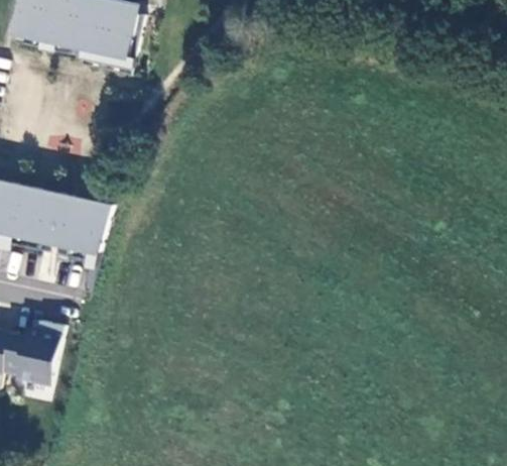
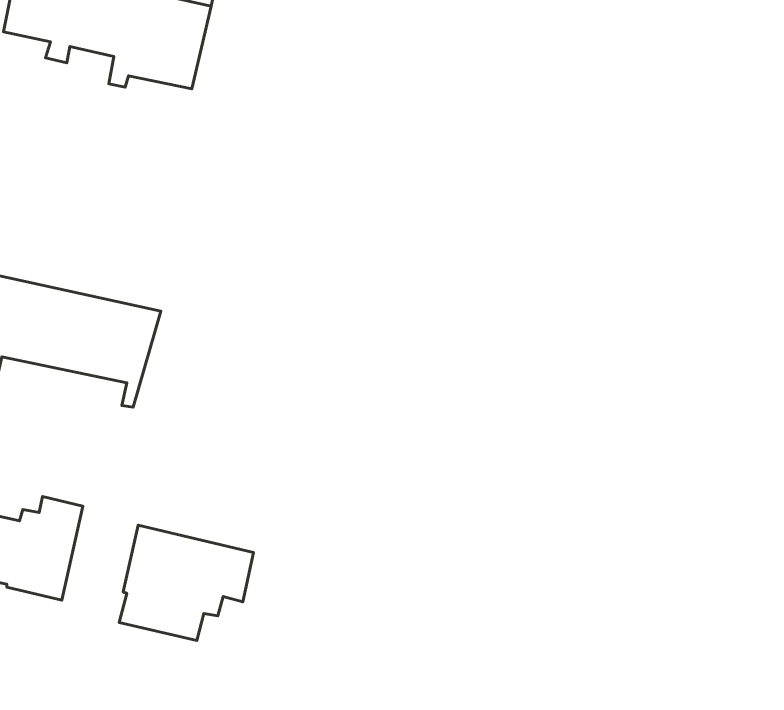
building: none -> [119,525,254,641]

